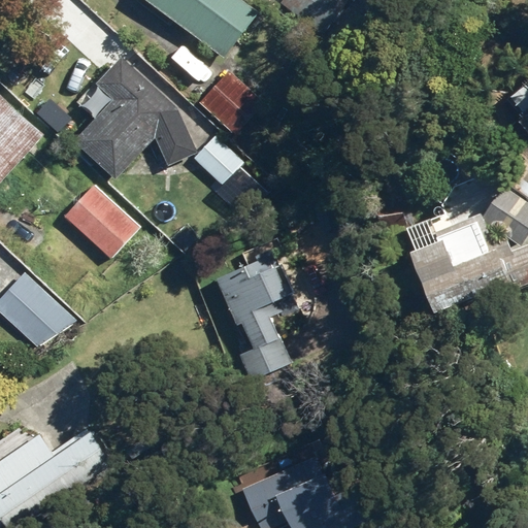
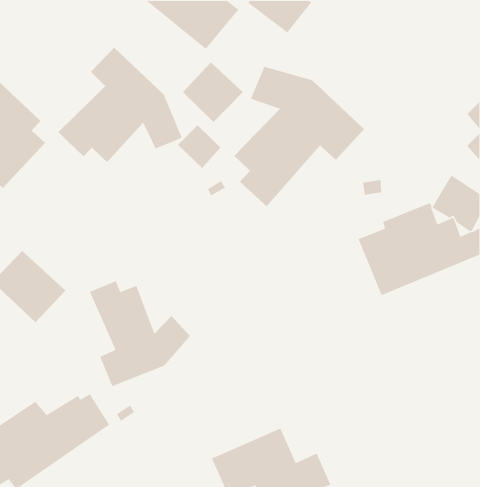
building: none -> [233,66,365,207]
building: [64,183,137,256] -> none
building: [221,251,299,371] -> none
building: none -> [89,280,191,387]

